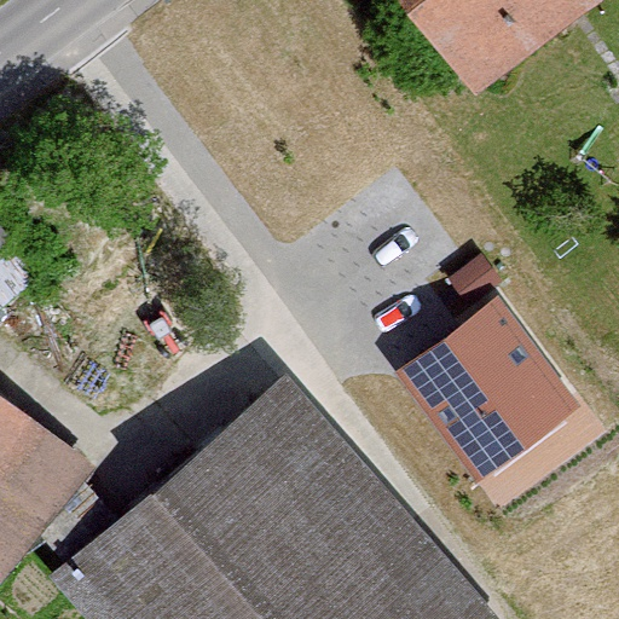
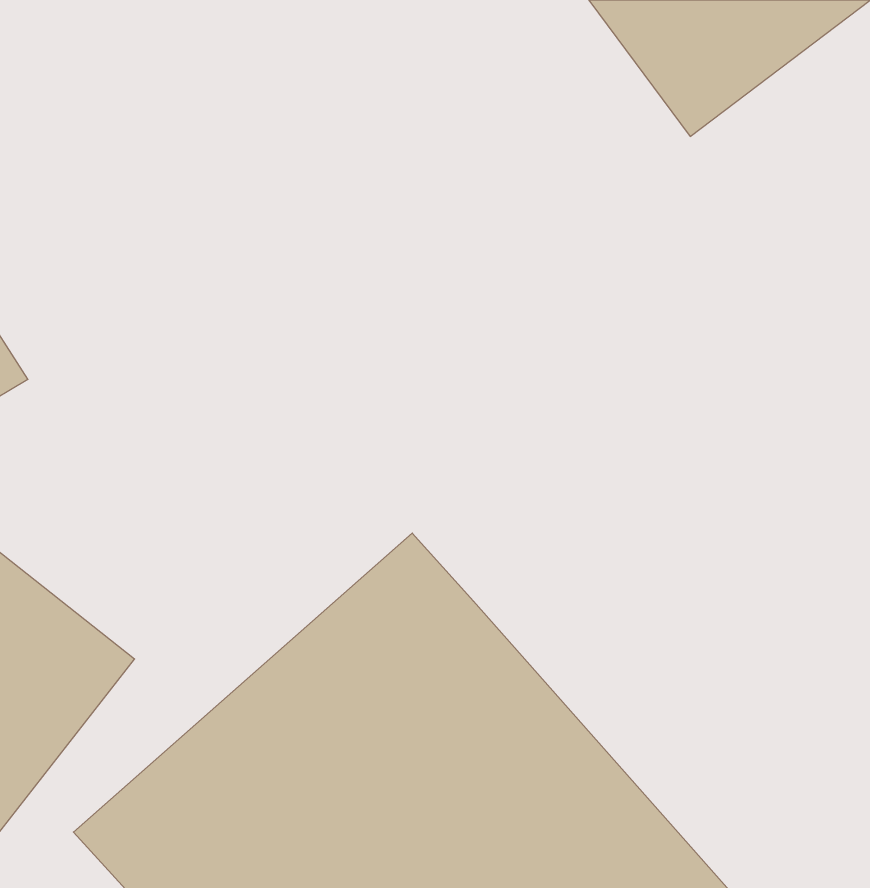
building: [389,311,554,476] -> none

